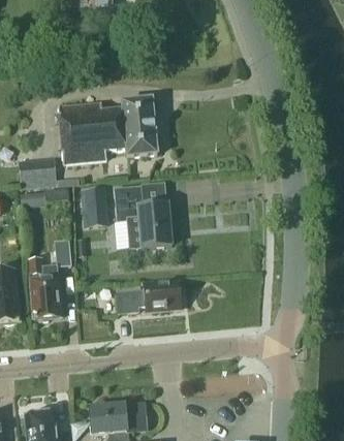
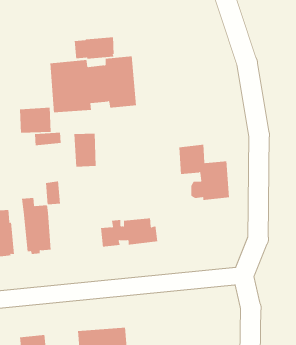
building: none -> [74,37,114,59]
building: [114,184,171,247] -> [178,144,230,200]

